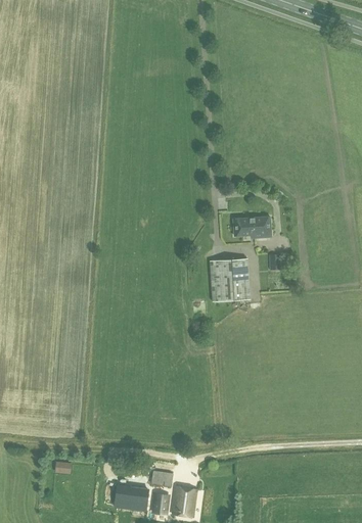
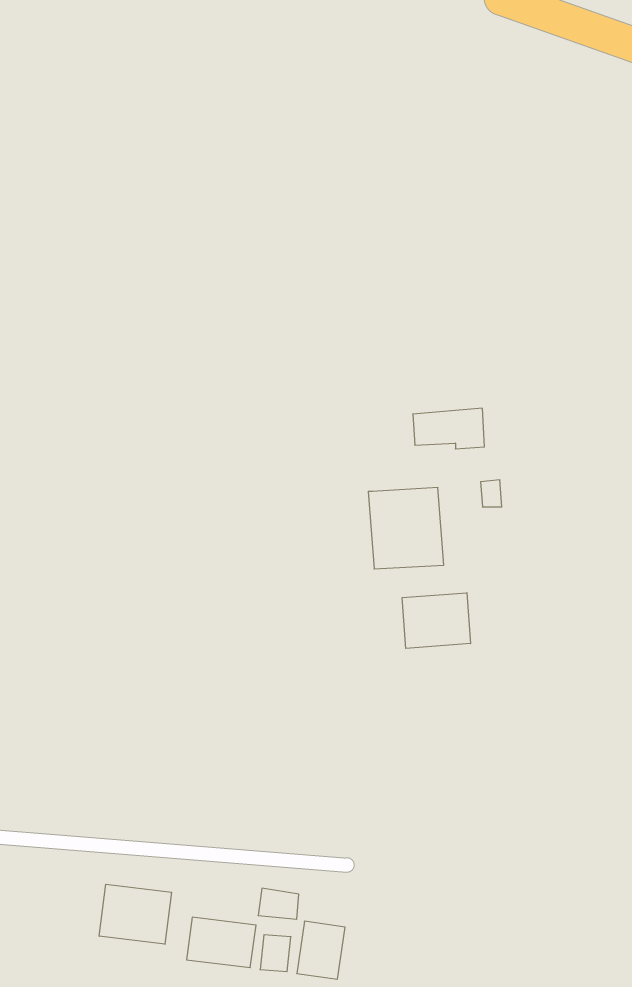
building: none -> [402,593,470,648]
building: none -> [99,884,172,944]

